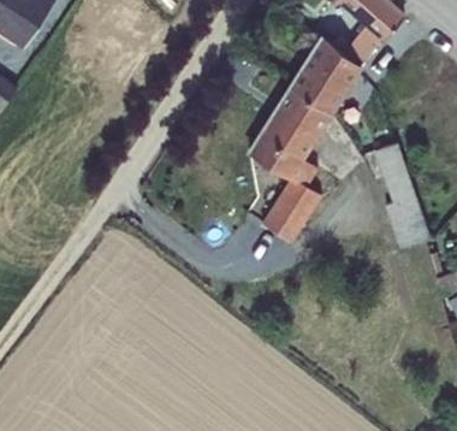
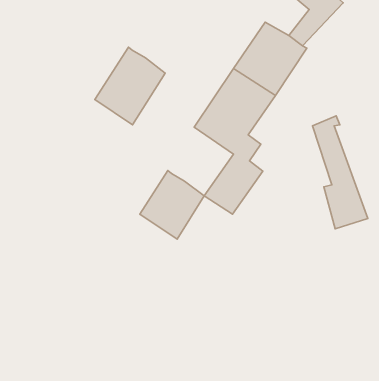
building: none -> [95,47,165,125]
building: none -> [140,171,204,239]

